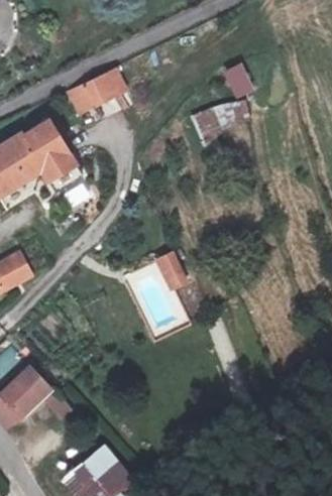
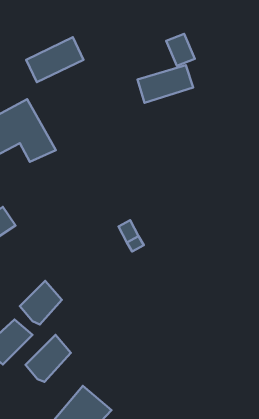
building: none -> [20,281,62,325]
building: none -> [26,335,71,382]

